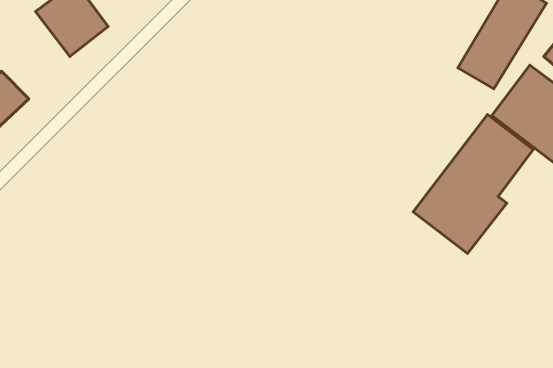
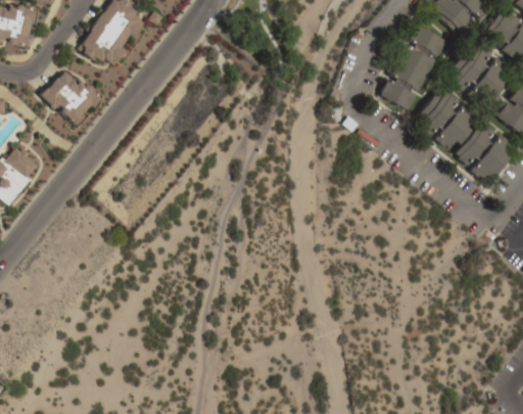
building: [413,115,533,253] -> none

